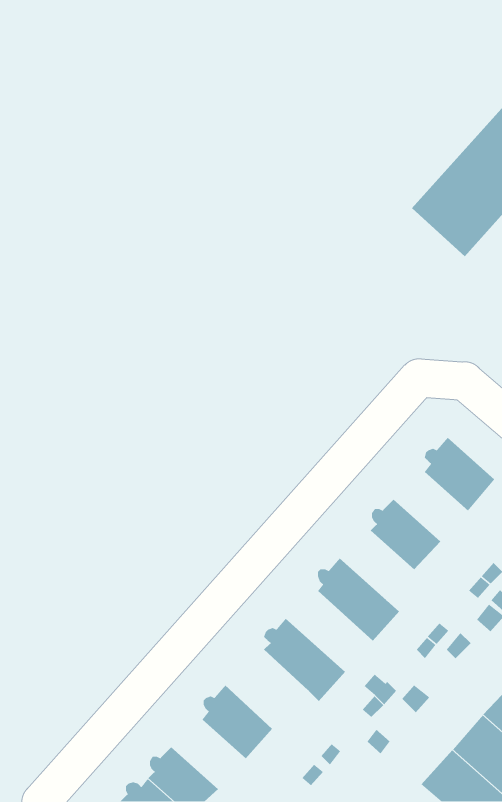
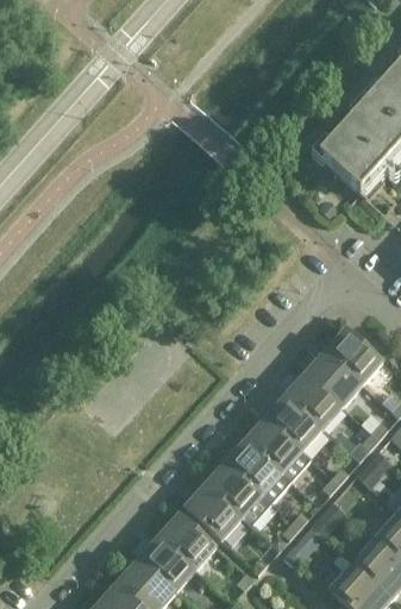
building: none -> [306,353,362,406]
building: none -> [265,397,321,450]
building: none -> [225,442,290,503]
building: none -> [184,486,242,540]
building: none -> [139,539,195,591]

